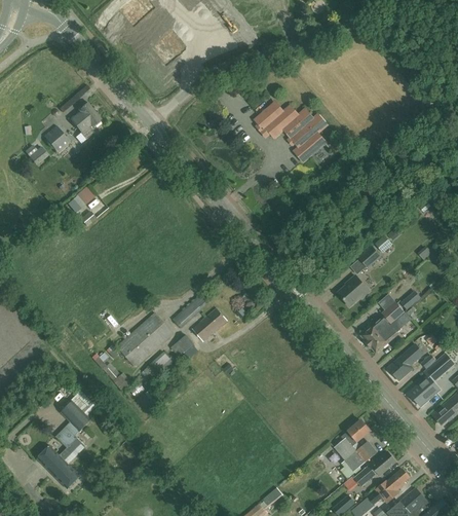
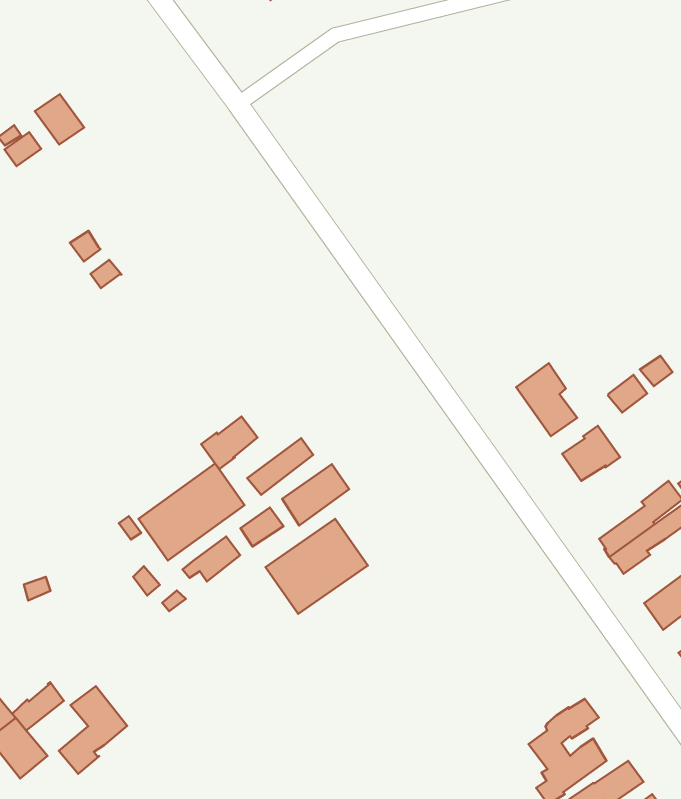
building: [71,102,101,139] -> none
building: [258,103,327,160] -> none
building: none -> [516,363,577,436]
building: none -> [201,416,257,469]
building: none -> [265,519,368,614]
building: [56,401,91,448] -> [59,686,127,774]

